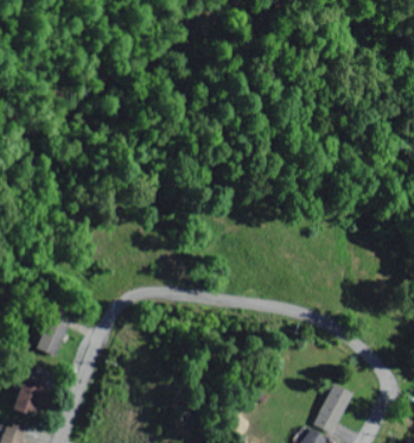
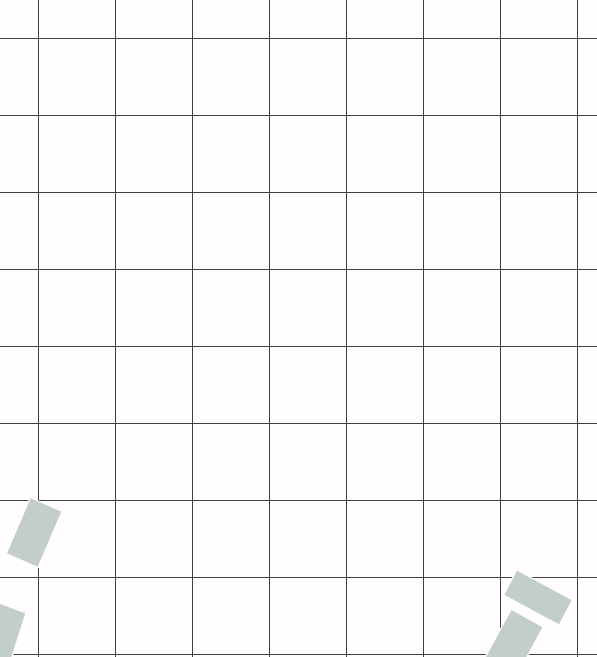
building: none -> [503,570,573,625]

